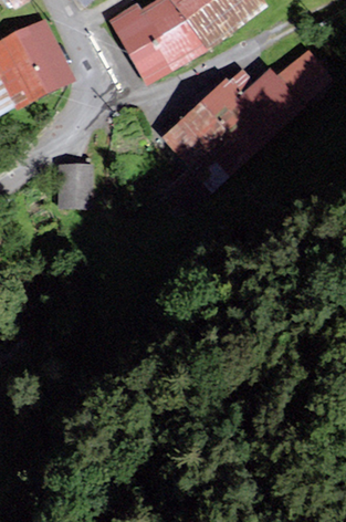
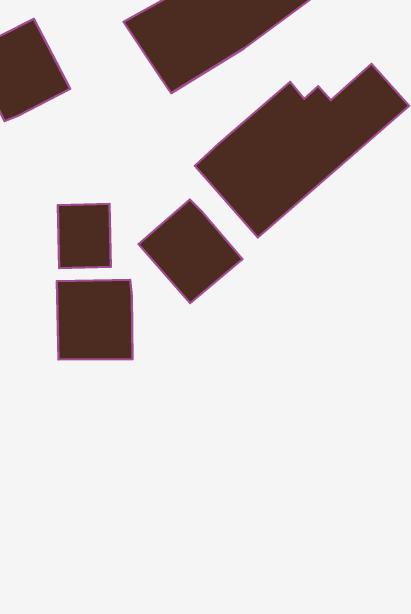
building: none -> [139,200,243,303]
building: none -> [57,280,133,360]

